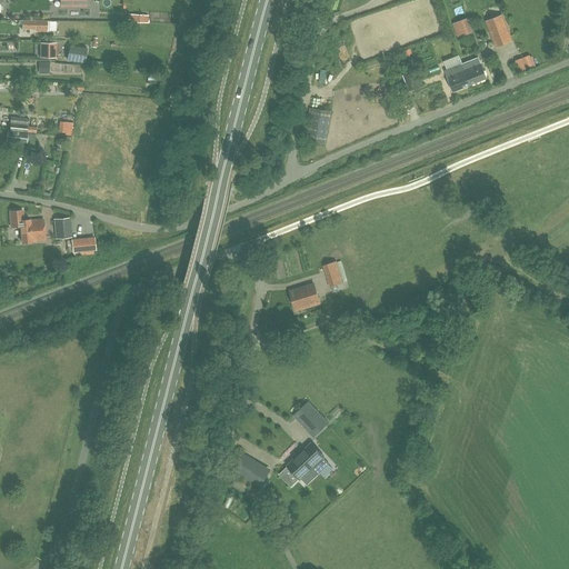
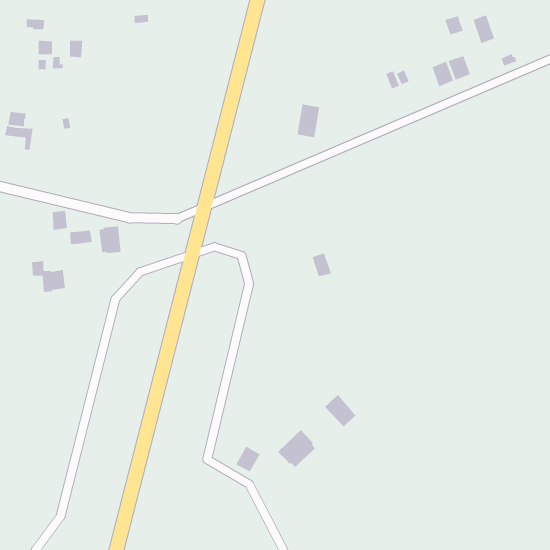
building: [9,209,44,242] -> [31,260,66,293]
building: none -> [98,225,122,254]
building: [289,282,318,307] -> none
building: [292,402,326,437] -> [324,394,356,427]

